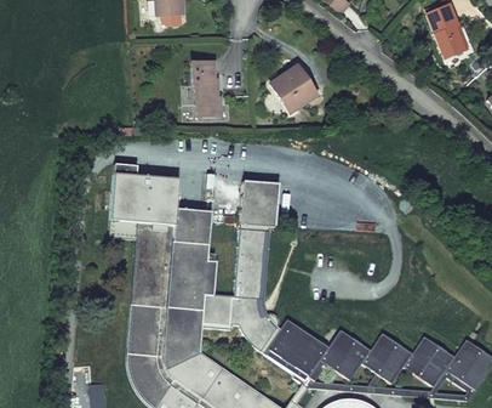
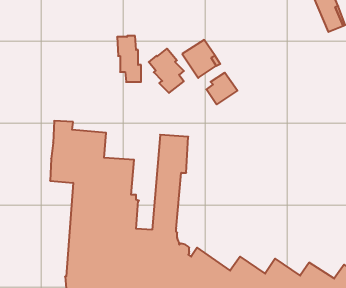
building: none -> [149,49,184,93]
building: none -> [206,73,237,104]

